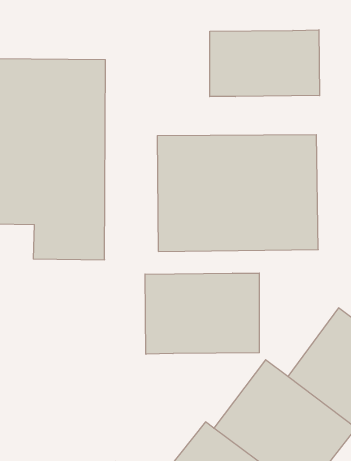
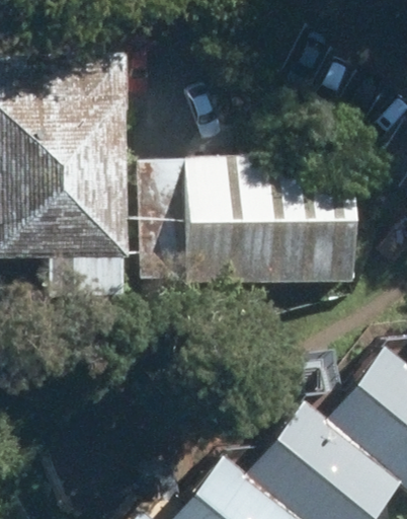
building: [210,30,320,97] -> none
building: [145,273,259,354] -> none

